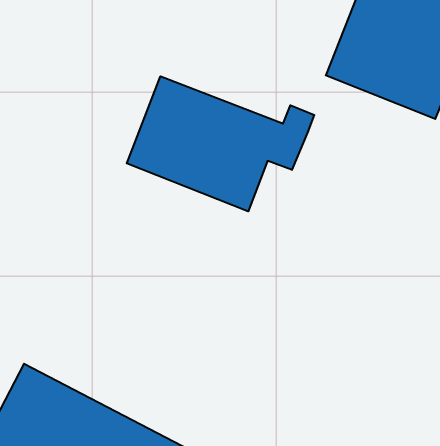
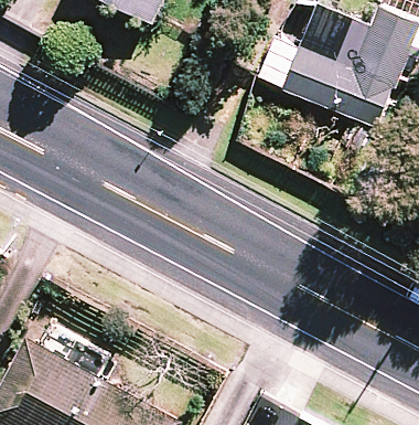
building: [127,76,314,211] -> none

